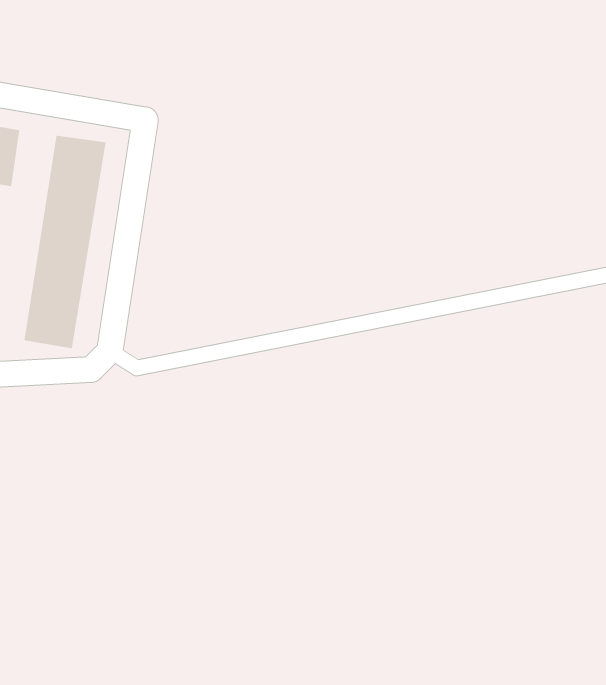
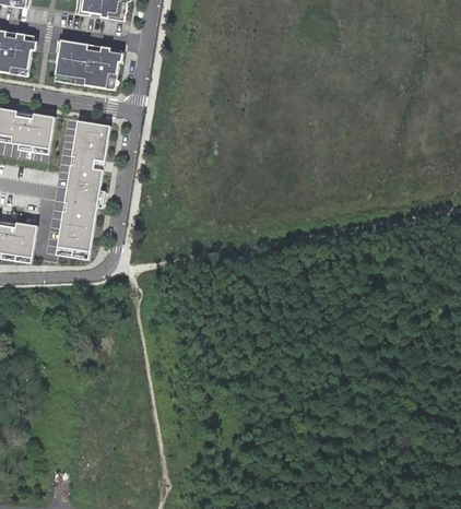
building: none -> [52,39,121,90]

